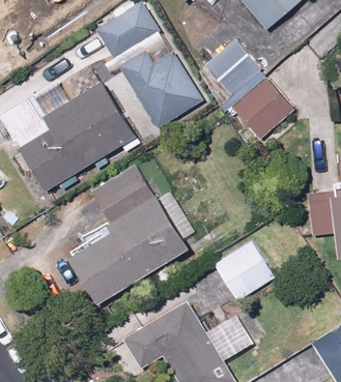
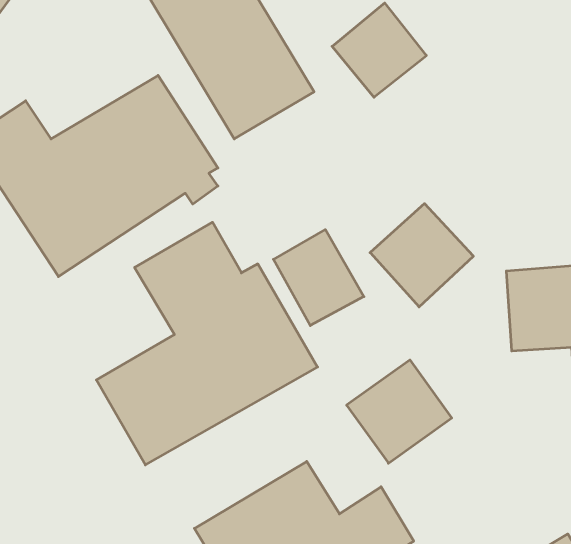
building: [232,80,291,139] -> [370,204,473,307]
building: none -> [273,230,364,326]

